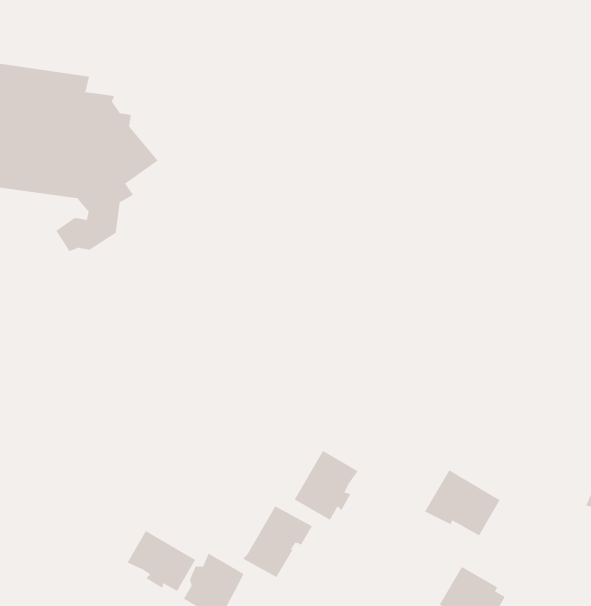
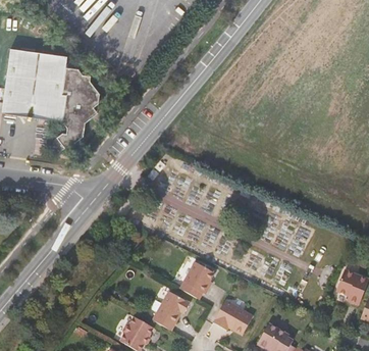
building: [424,470,500,536] -> [211,298,252,334]
building: [127,530,196,592] -> none

